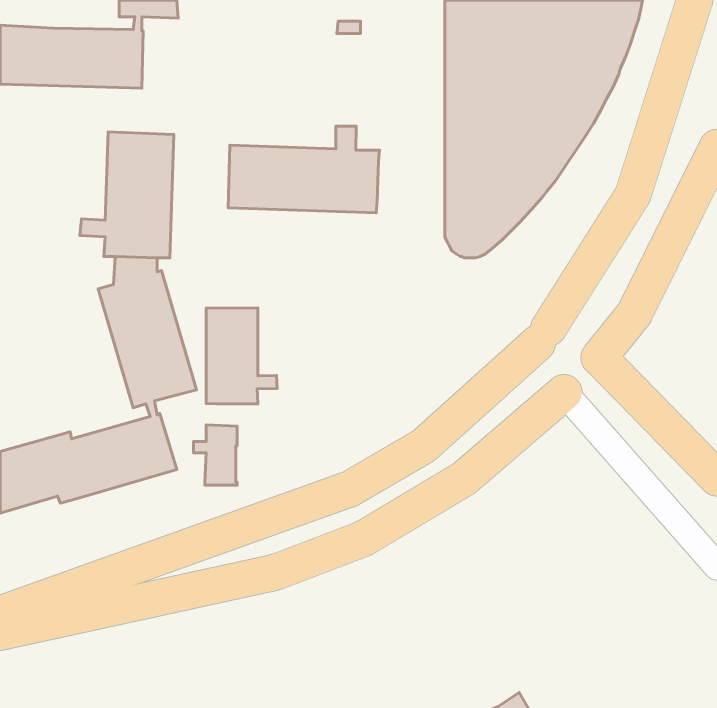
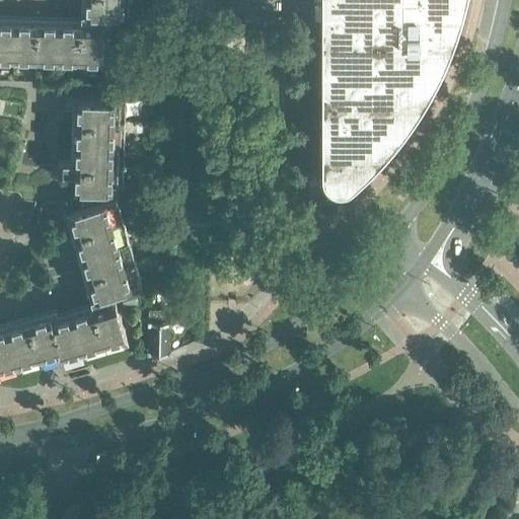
building: [228,126,379,213] -> none
building: [206,308,277,404] -> none

